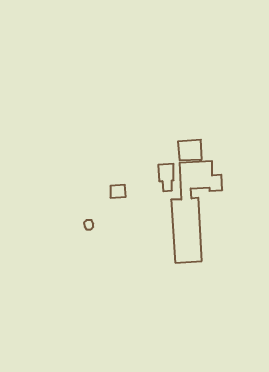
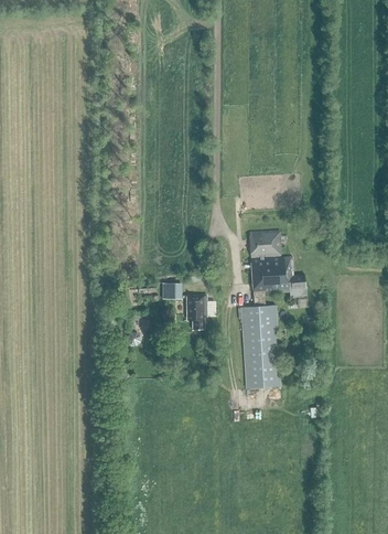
building: [158,164,174,191] -> [186,296,206,331]

